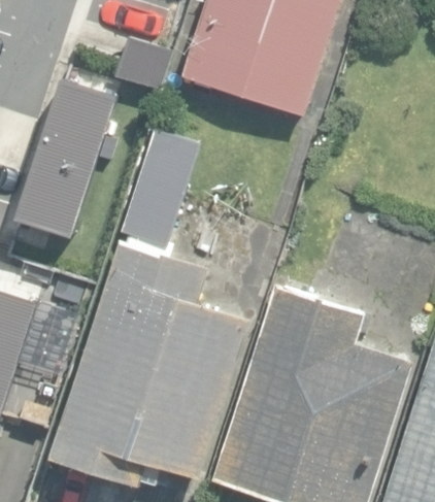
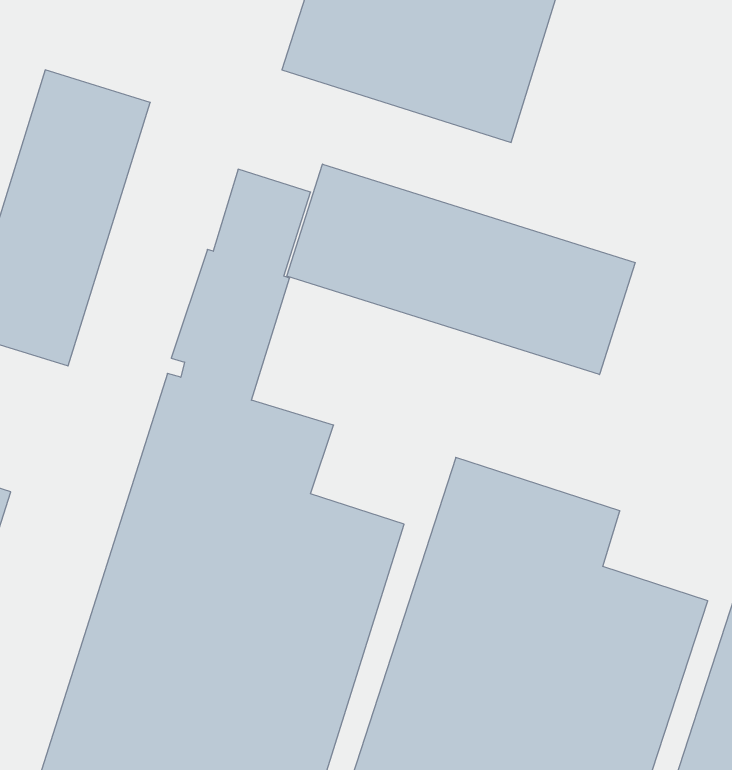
building: none -> [287,164,635,375]

